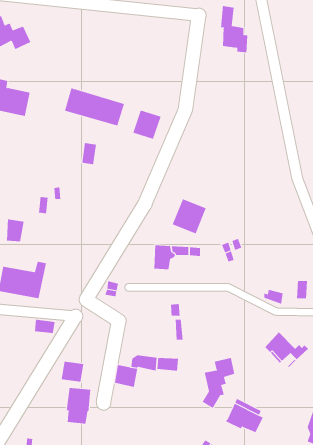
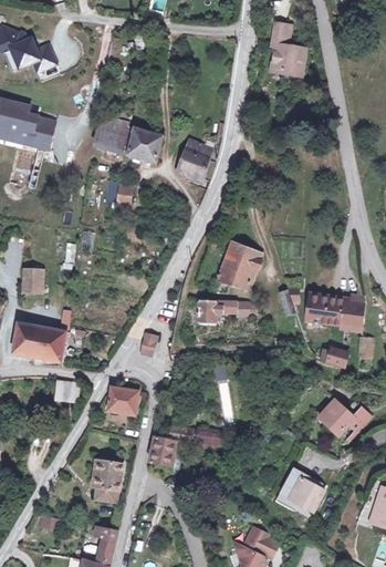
building: none -> [303,297,361,328]
building: [202,357,235,409] -> none
building: [61,361,84,382] -> [107,392,134,416]

